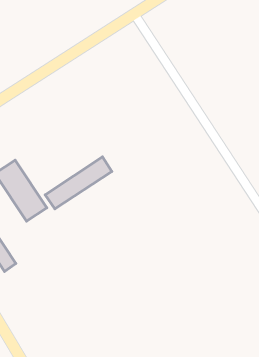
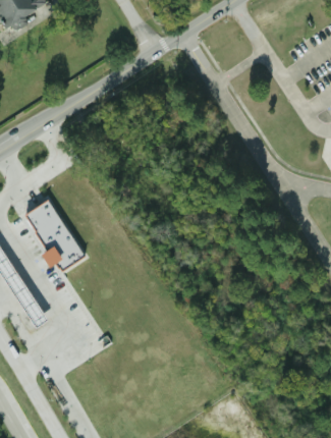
building: [45,157,112,209] -> none

